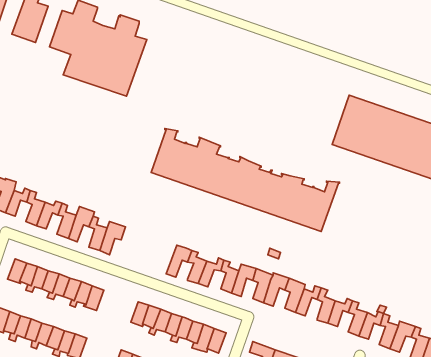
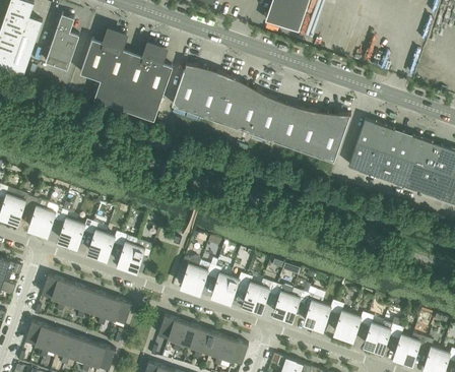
building: [151,129,339,231] -> [172,64,350,162]
building: none -> [181,258,201,290]

